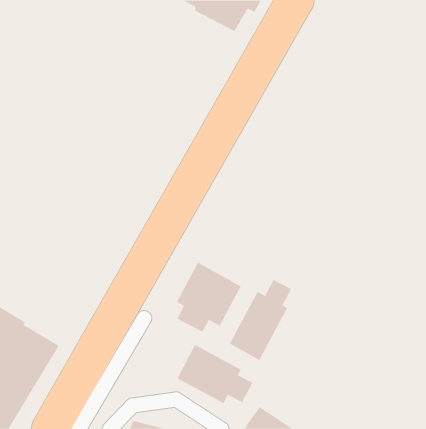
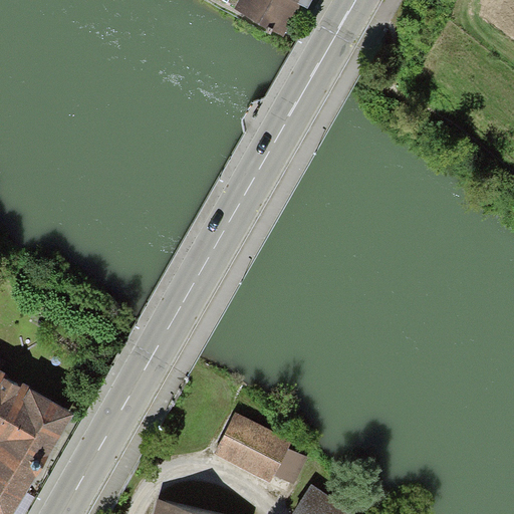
building: [176,262,241,333] -> none
building: [229,279,292,361] -> none

